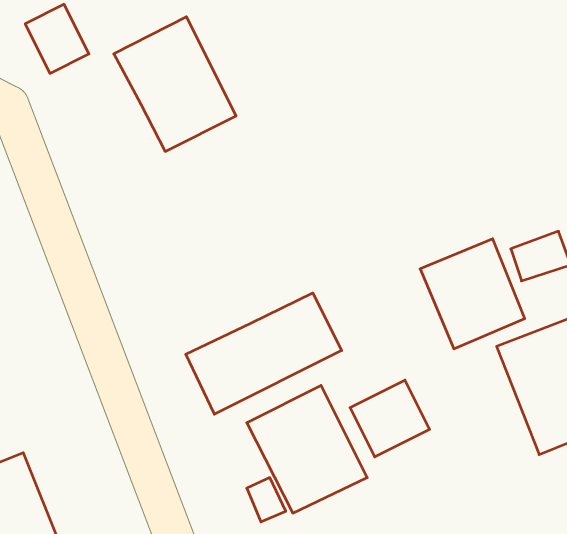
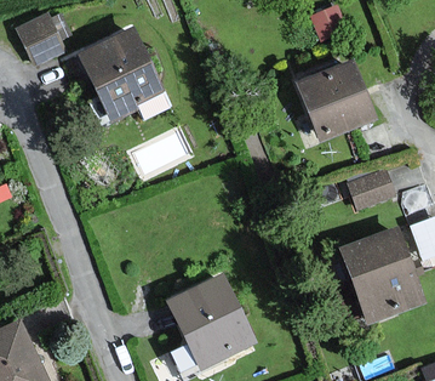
building: [420,239,525,349] -> [299,62,371,137]
building: [186,293,342,414] -> none
building: [350,380,430,457] -> none

